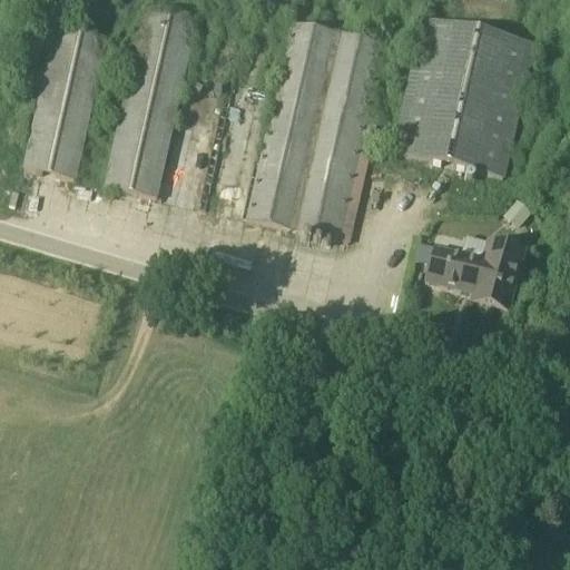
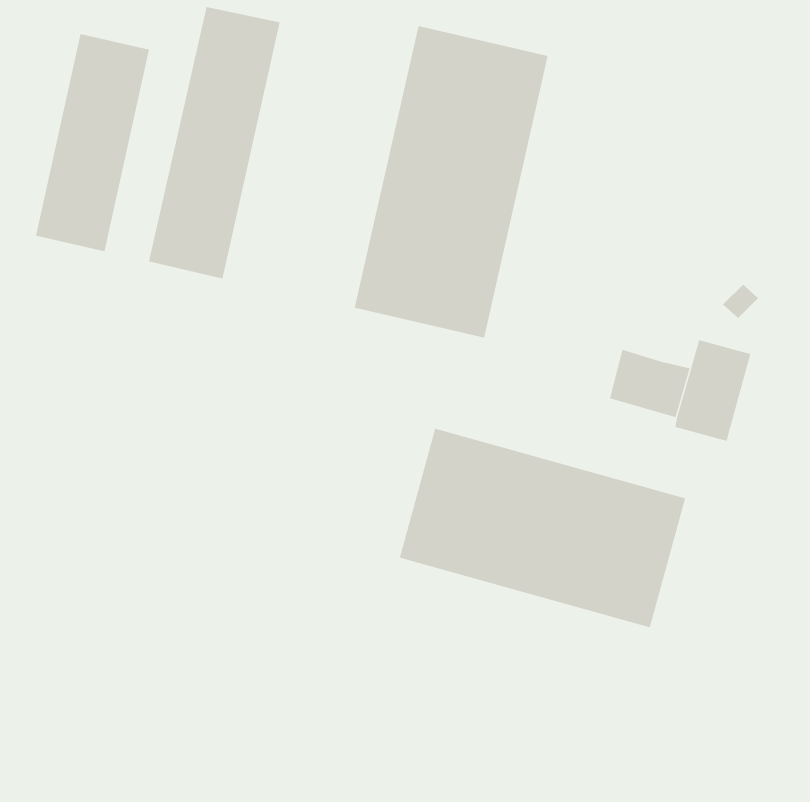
building: [396,17,535,174] -> none
building: none -> [399,428,686,628]

